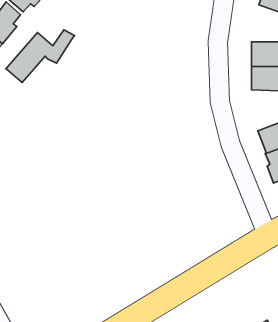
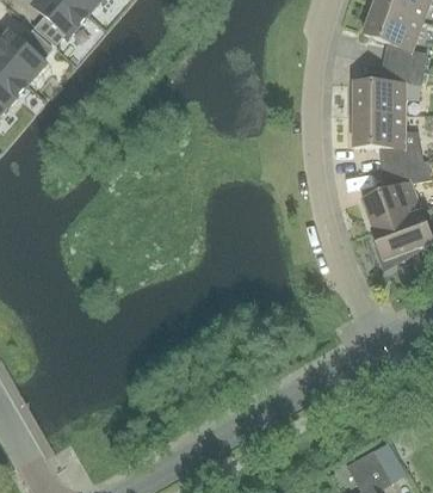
building: [6,30,75,82] -> none

